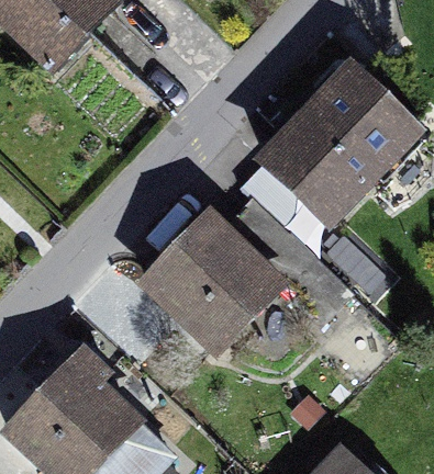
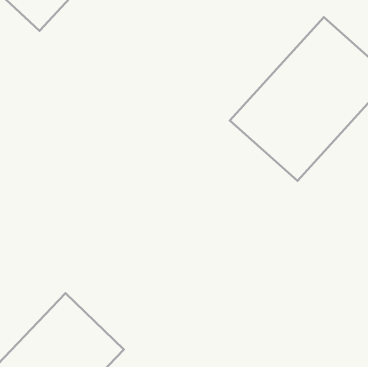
building: [136,208,287,358] -> none

